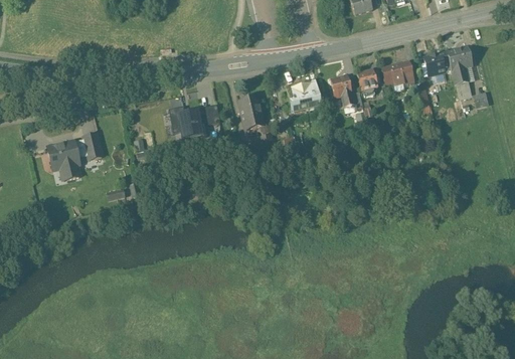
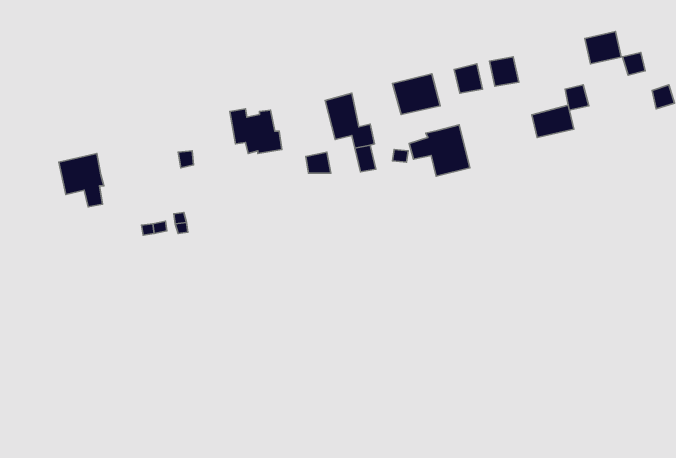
building: [447,47,471,70] -> none
building: [381,61,411,84] -> [532,105,574,137]
building: none -> [409,125,470,176]
building: [74,132,102,157] -> none

